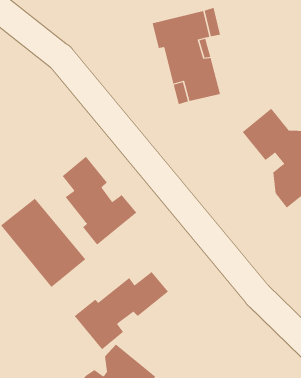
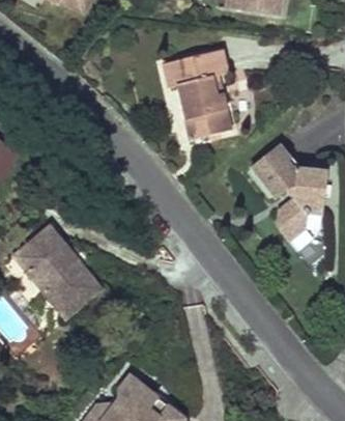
building: [62,156,137,245] -> none
building: [74,271,169,350] -> none

